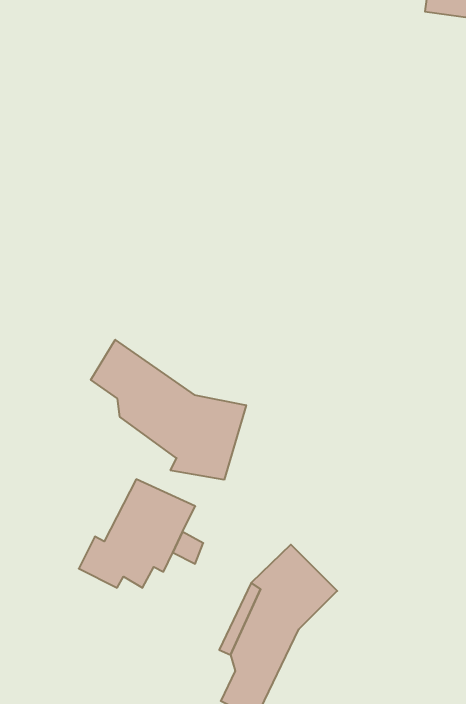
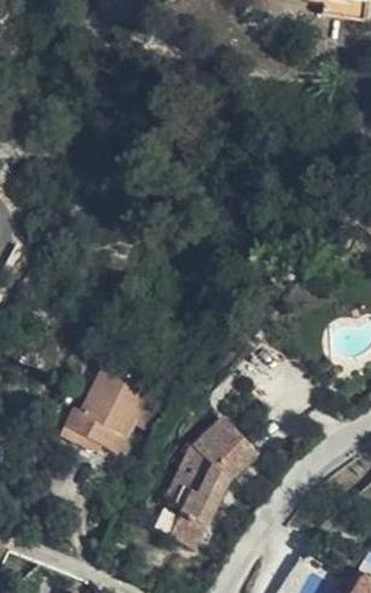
building: [91,340,246,480] -> none

